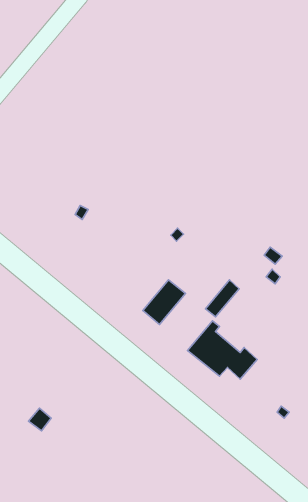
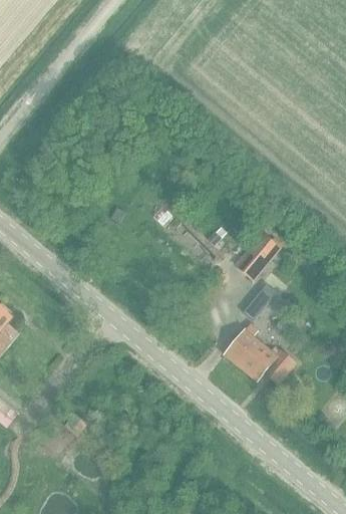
building: [143,280,186,324] -> [235,234,278,279]

